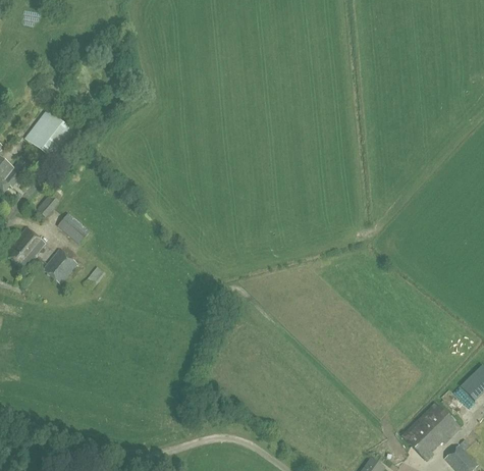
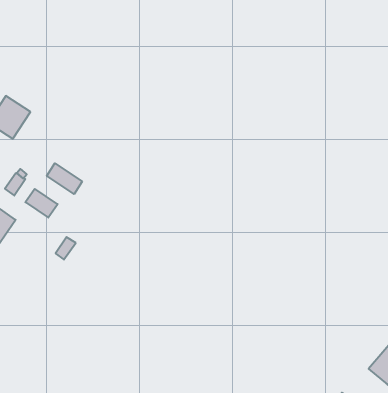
building: none -> [47,163,82,194]
building: [42,249,76,283] -> none

